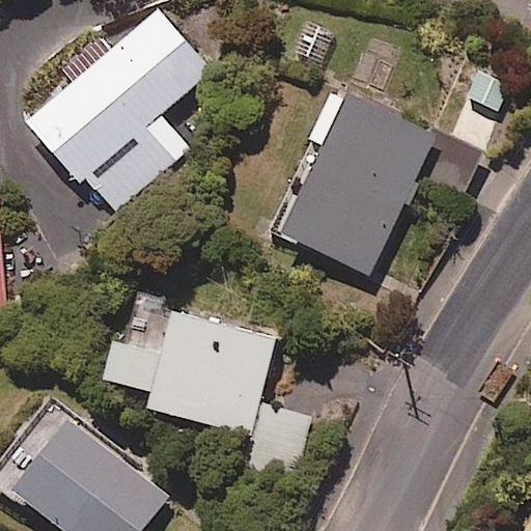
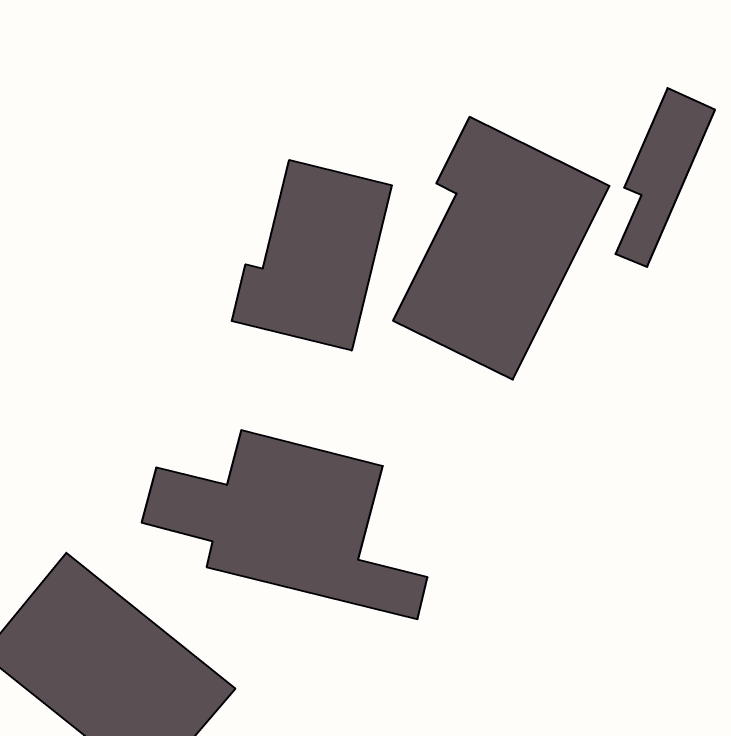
building: [30,8,211,214] -> none
building: none -> [232,160,392,351]

